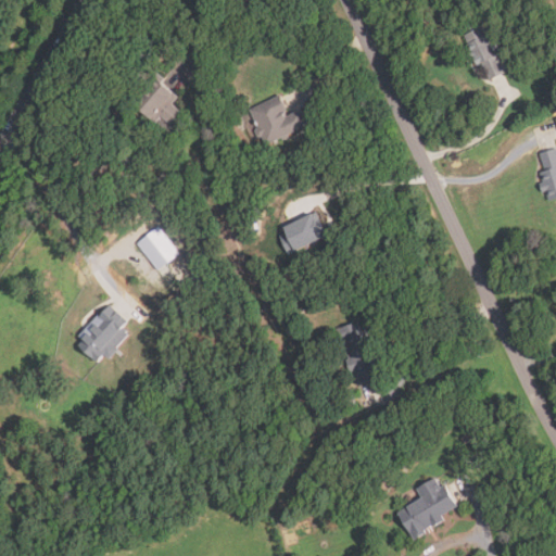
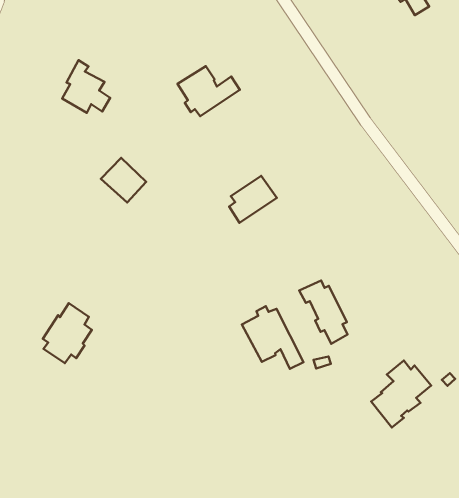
building: [135,226,178,270] -> [101,158,146,203]
building: none -> [242,306,304,369]
building: [396,478,457,541] -> [371,361,431,427]

